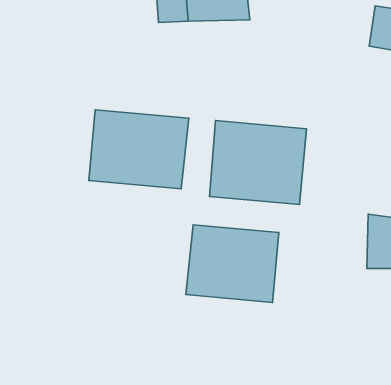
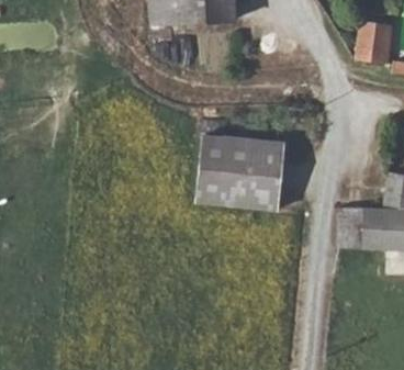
building: [89,110,189,189] -> none
building: [186,225,279,302] -> none

